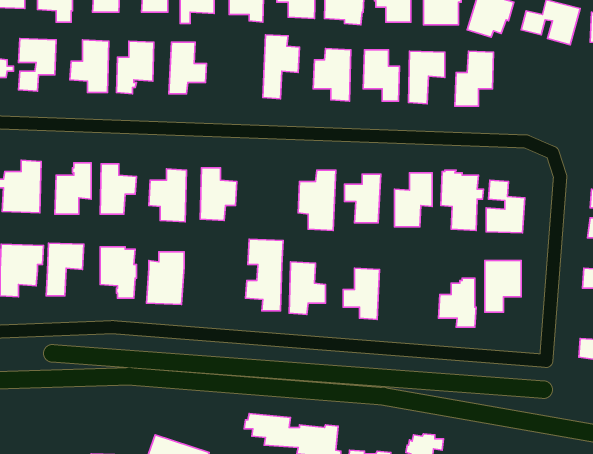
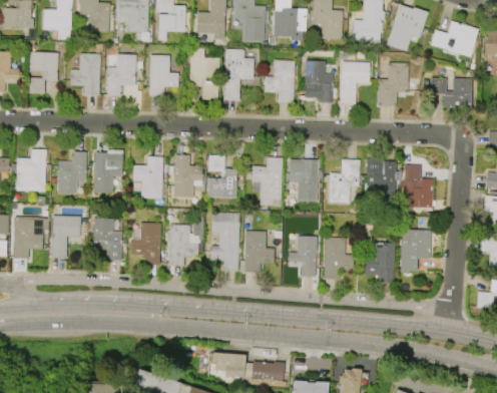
building: none -> [181,48,218,99]
building: none -> [430,78,471,108]
building: none -> [206,154,236,198]
building: none -> [168,217,203,267]
building: none -> [324,238,353,280]

